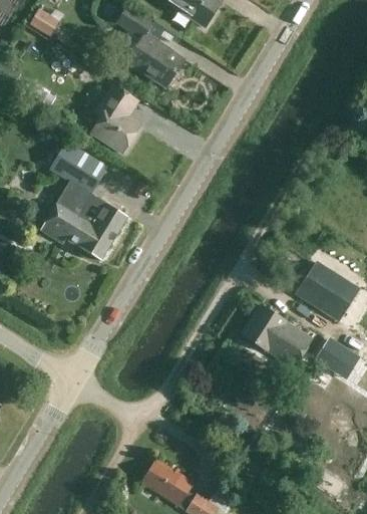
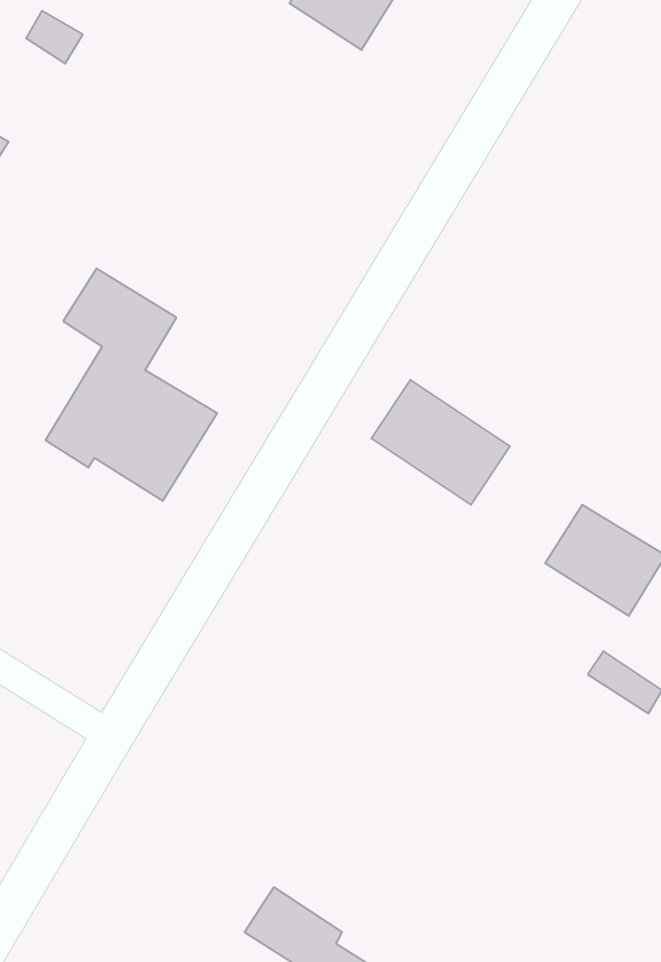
building: [115,8,182,88] -> none
building: [91,85,141,154] -> none
building: [242,303,313,367] -> [371,380,510,505]

